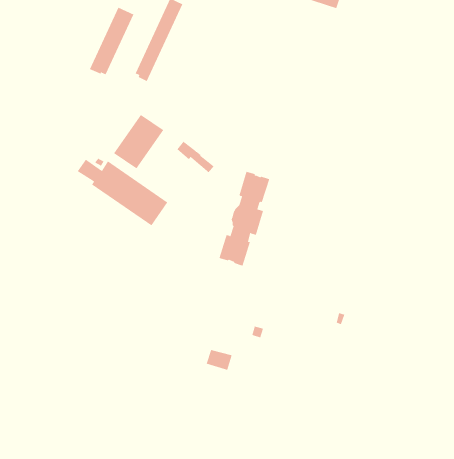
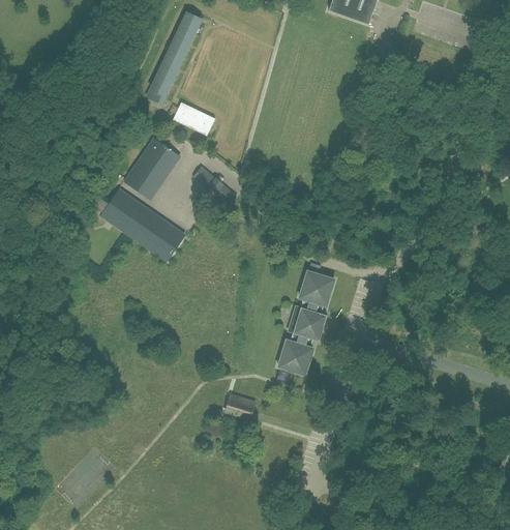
building: [89,7,134,75] -> none
building: none -> [170,99,215,132]
building: [218,171,271,266] -> [277,270,334,374]

